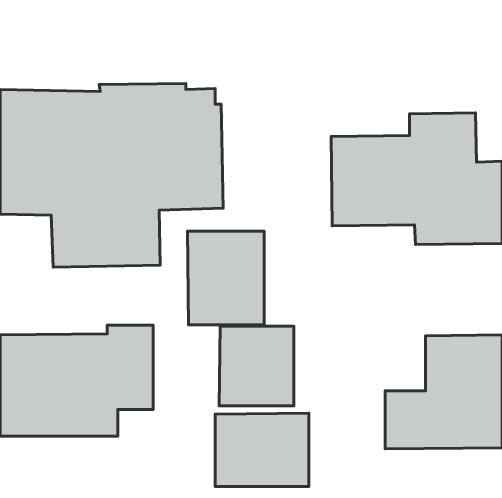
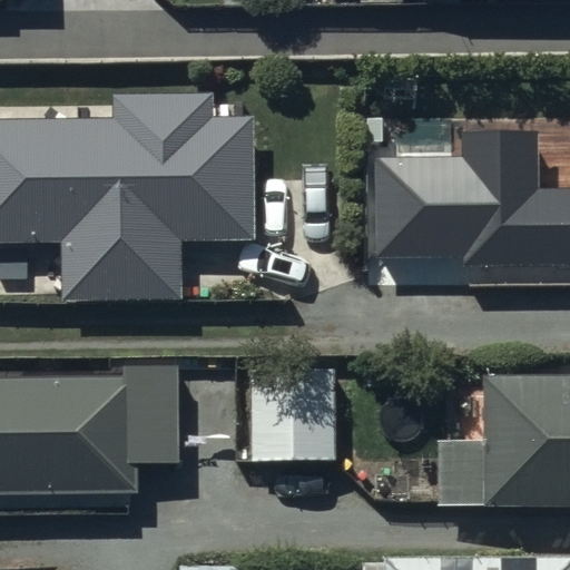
building: [187,231,264,325] -> none
building: [215,413,309,486] -> none

